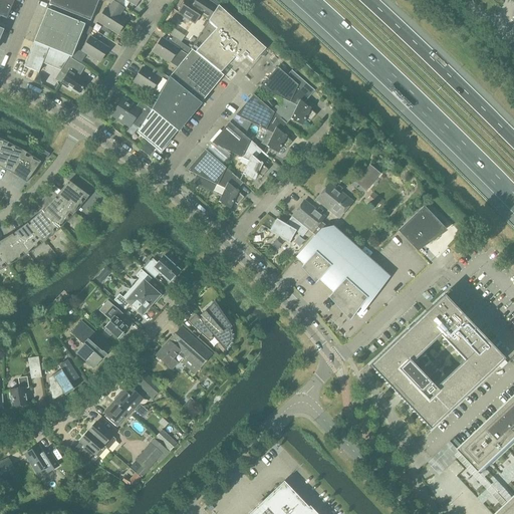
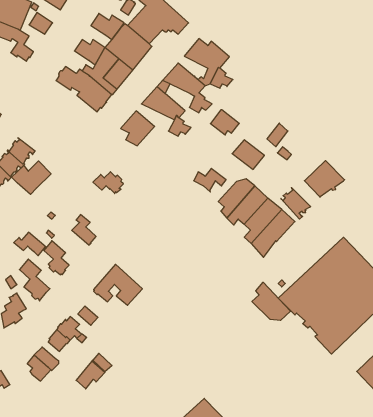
building: [207,167,245,206] -> none
building: [292,199,325,228] -> [210,110,239,135]
building: none -> [12,161,51,194]
building: none -> [281,188,311,219]
building: [145,255,180,280] -> [93,172,123,194]
building: [114,286,152,313] -> [14,232,46,256]
building: [189,303,233,348] -> none
building: none -> [252,282,291,320]

